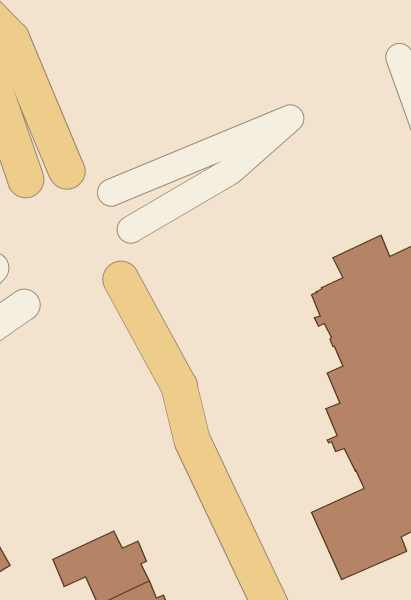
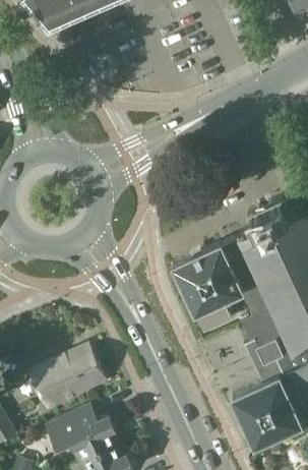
building: none -> [173,238,255,333]
building: none -> [30,345,107,411]

